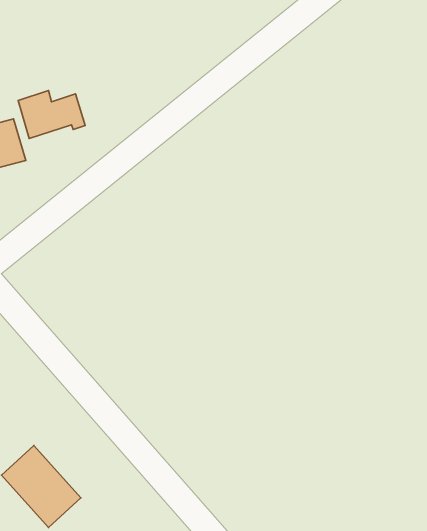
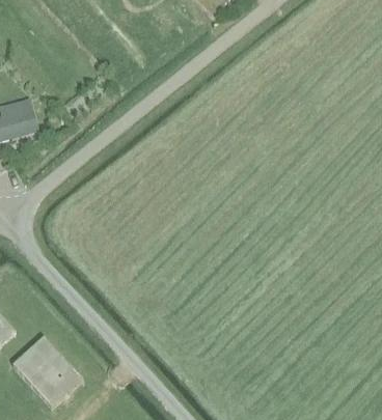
building: [18,91,85,139] -> none

